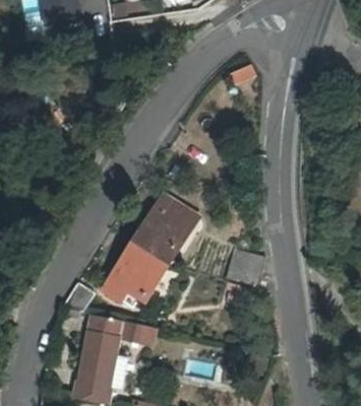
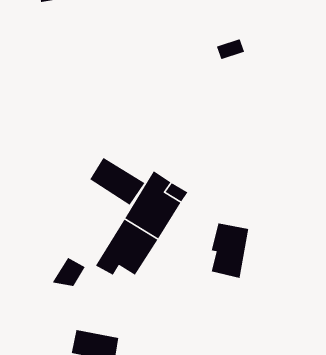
building: none -> [89,157,146,206]
building: [83,318,155,362] -> none

